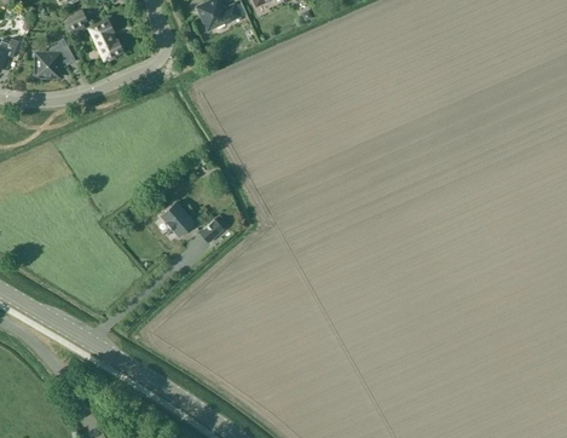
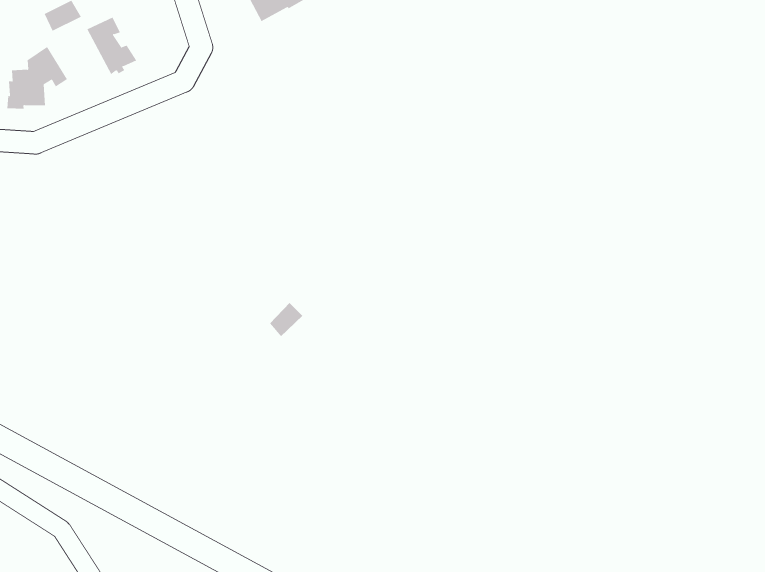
building: [162,202,195,236] -> none

